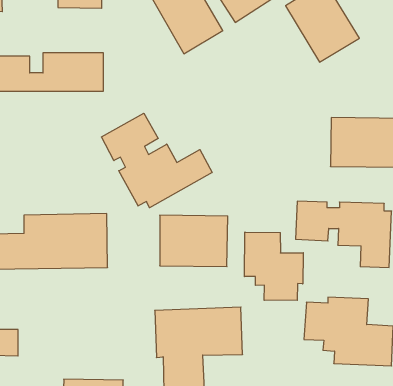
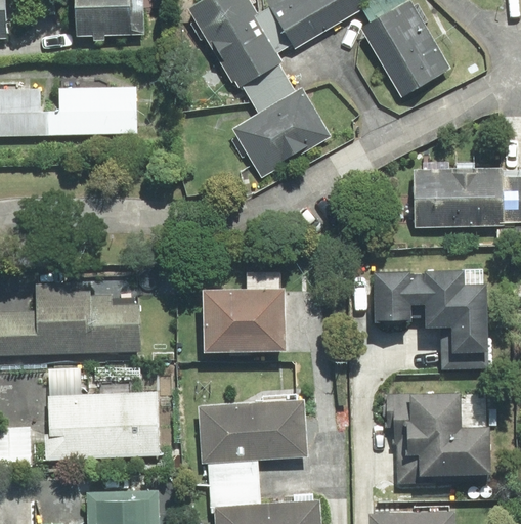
building: none -> [232,88,330,177]
building: [101,113,212,208] -> none
building: [244,232,303,300] -> none
building: none -> [46,370,159,456]

